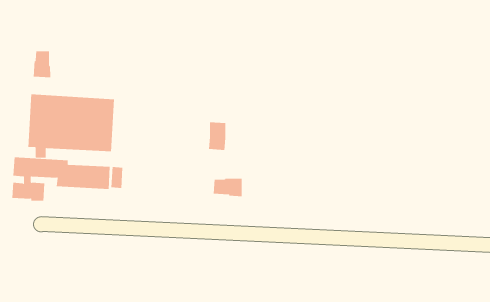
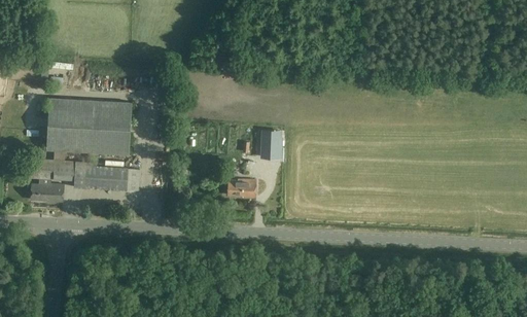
building: [33,51,51,78] -> none
building: [208,122,226,150] -> [261,131,279,158]

